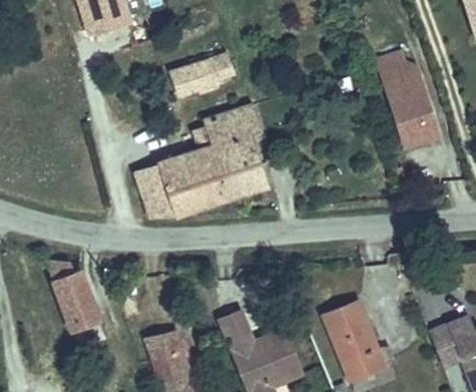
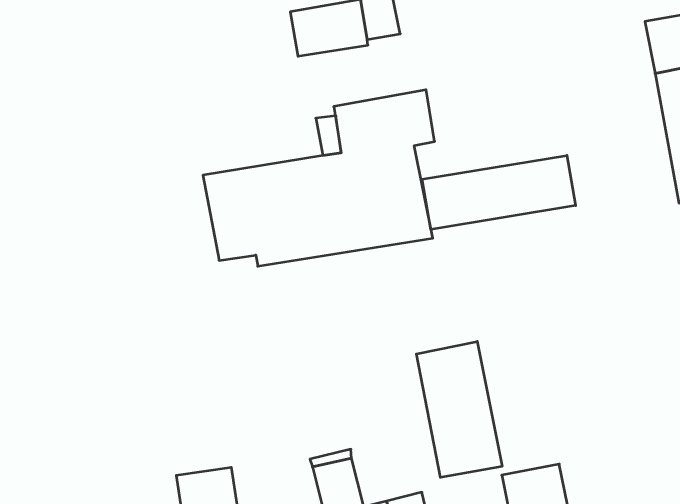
building: none -> [422,155,576,229]
building: none -> [416,341,502,477]
building: [45,261,99,332] -> none

